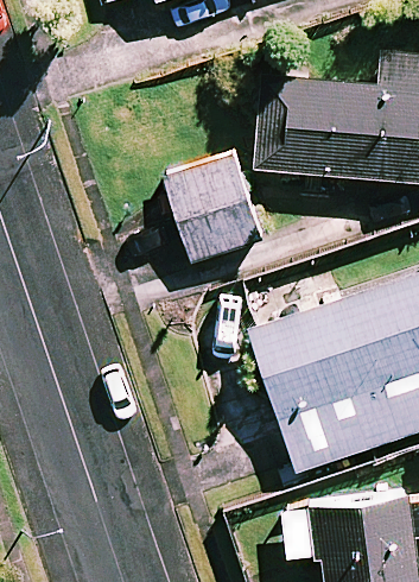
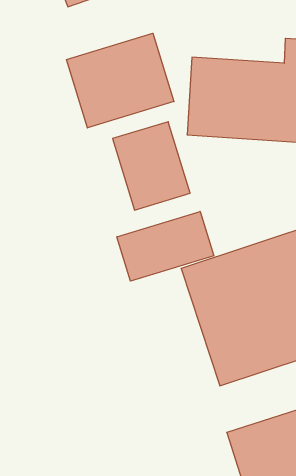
building: none -> [66,33,174,128]
building: none -> [117,211,214,281]

